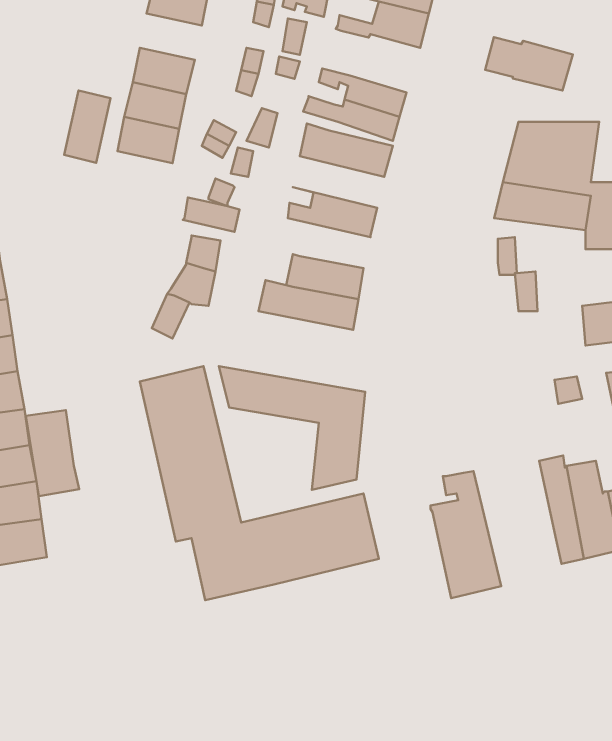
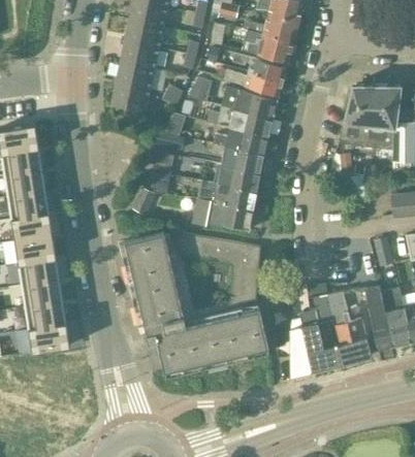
building: none -> [125,20,162,47]
building: [485,37,573,91] -> [241,30,293,62]
building: [64,90,110,163] -> none
building: none -> [205,105,272,136]
building: none -> [211,142,263,172]
building: none -> [191,198,253,230]
building: [26,410,79,496] -> none
building: none -> [325,291,371,363]
building: none -> [290,319,312,376]

